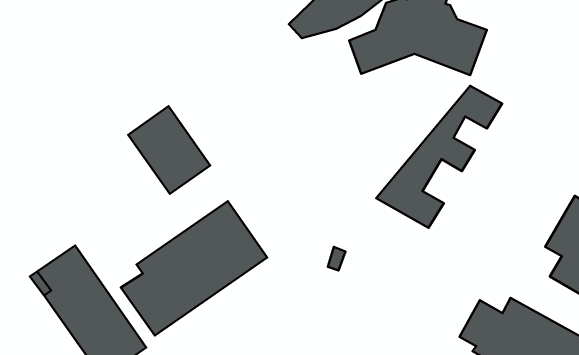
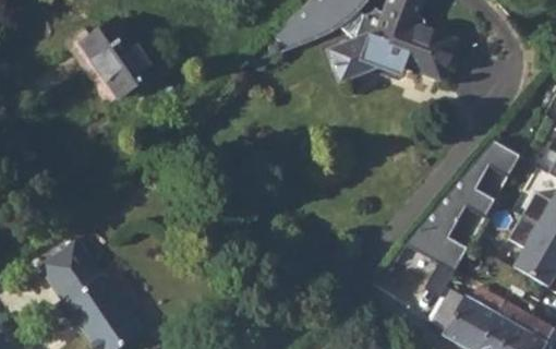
building: [376,86,502,228] -> [407,140,522,270]
building: [128,106,210,194] -> [80,17,155,98]
building: [121,201,267,336] -> none

